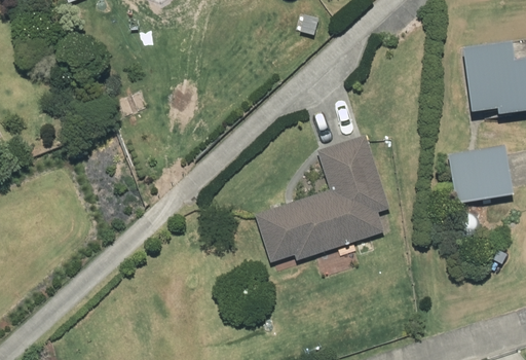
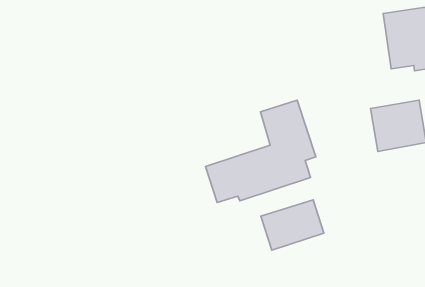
building: none -> [261,200,324,250]

